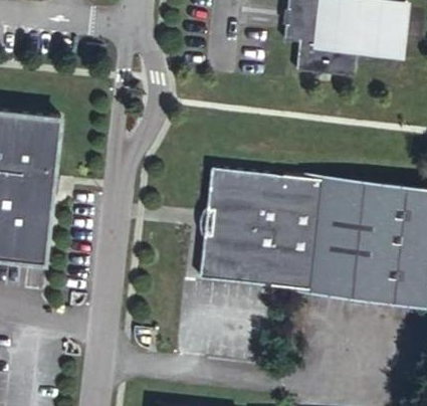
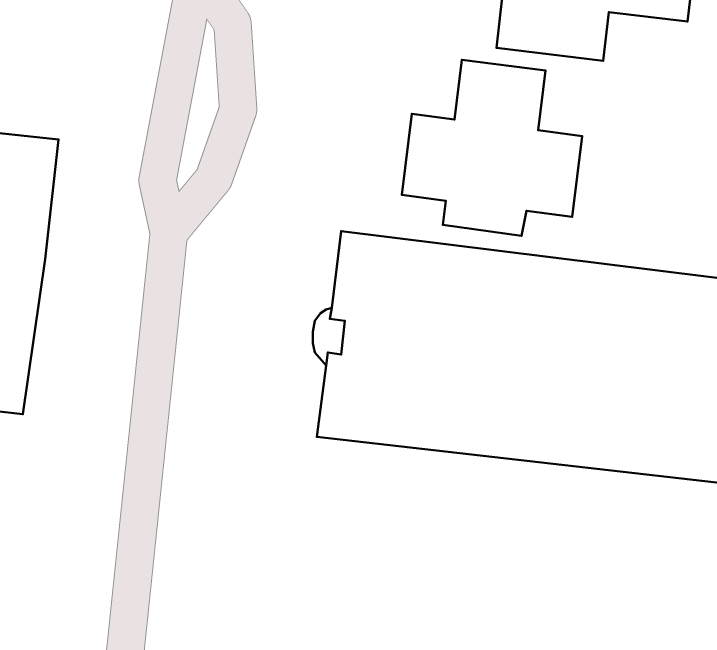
building: none -> [402,60,582,236]

